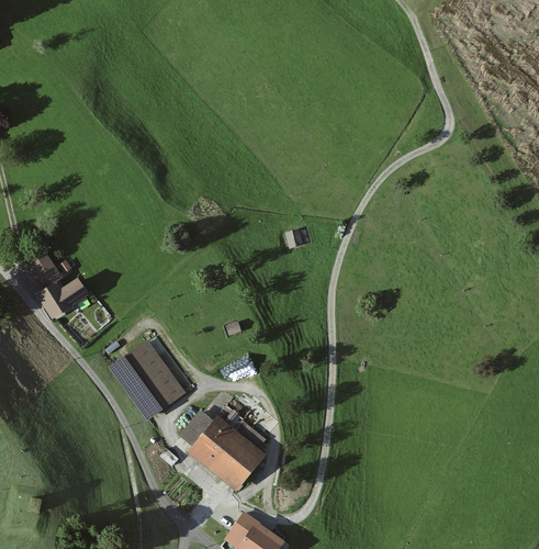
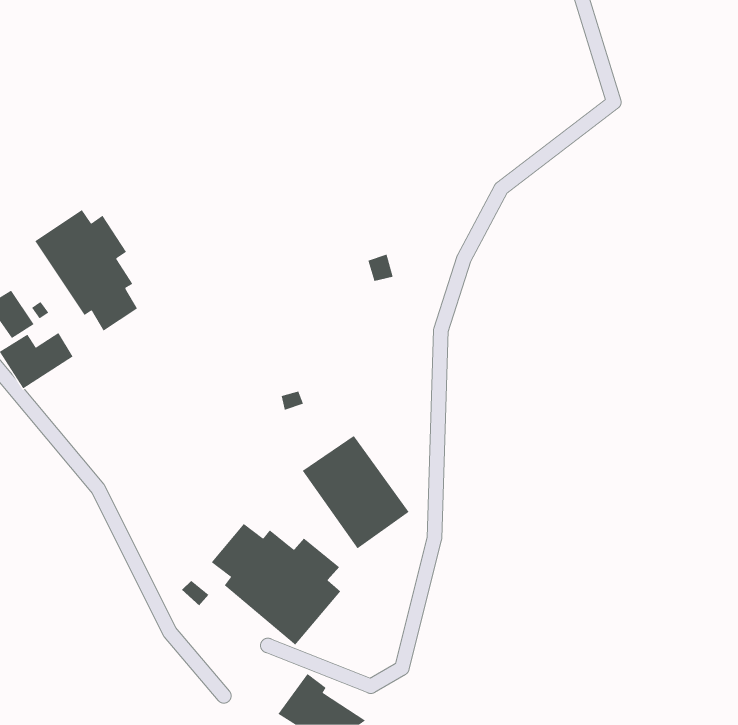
building: none -> [34,209,138,331]
building: [112,341,184,418] -> [302,435,410,549]

